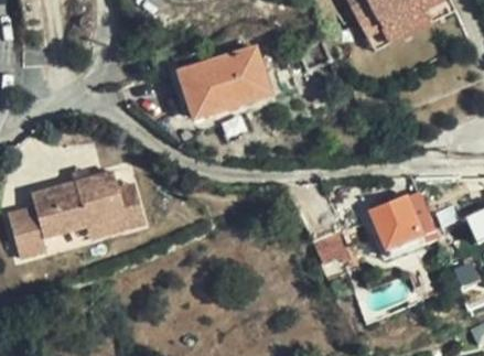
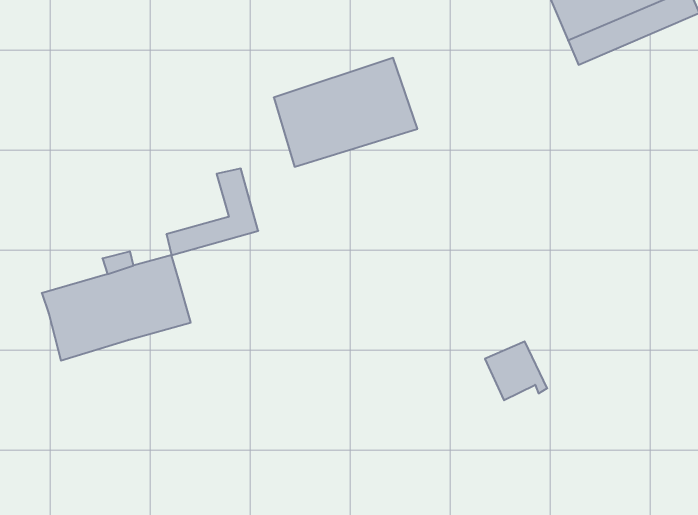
building: [85,183,143,238] -> [166,169,258,255]
building: [370,191,438,256] -> none
building: [8,208,46,258] -> none

